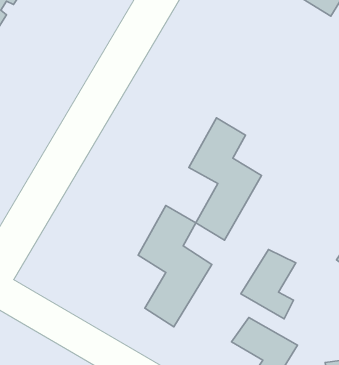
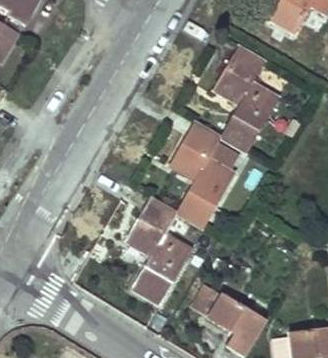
building: none -> [214,46,279,152]
building: [241,249,296,319] -> none

